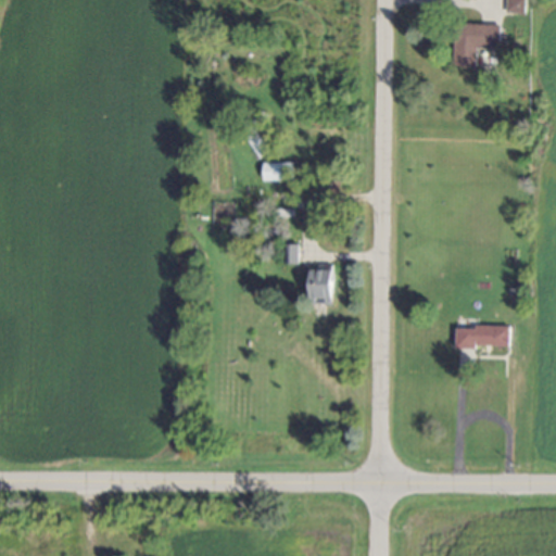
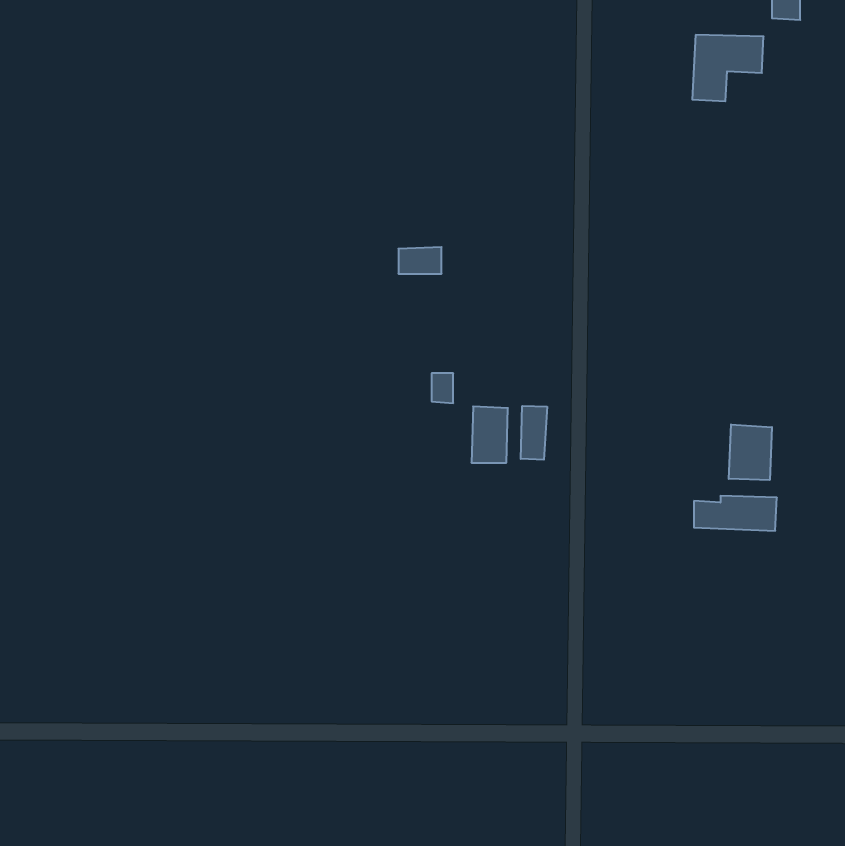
building: none -> [521,406,547,460]
building: none -> [729,424,772,480]

